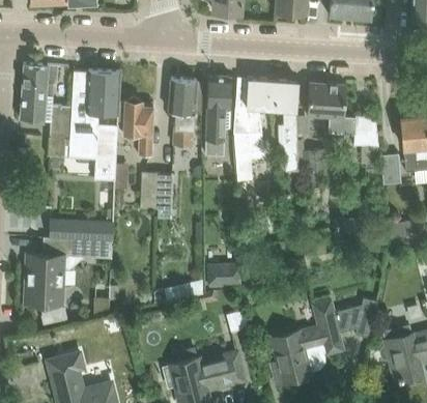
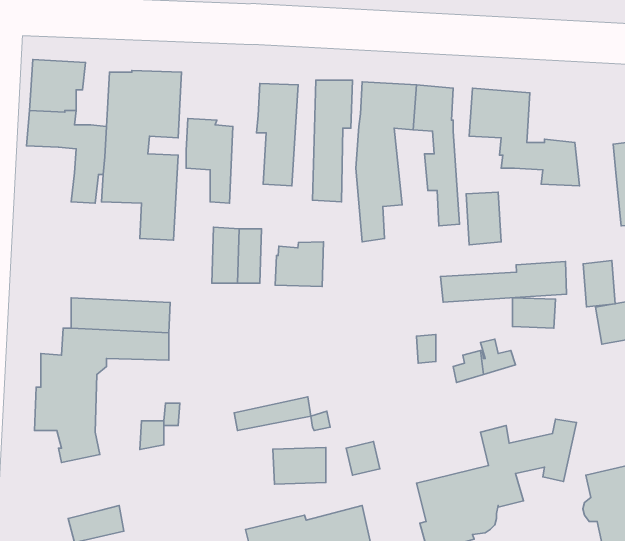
building: [380,154,401,184] -> [583,261,615,307]
building: none -> [275,242,324,287]
building: none -> [441,262,567,302]
building: [207,264,241,288] -> [273,447,326,484]

